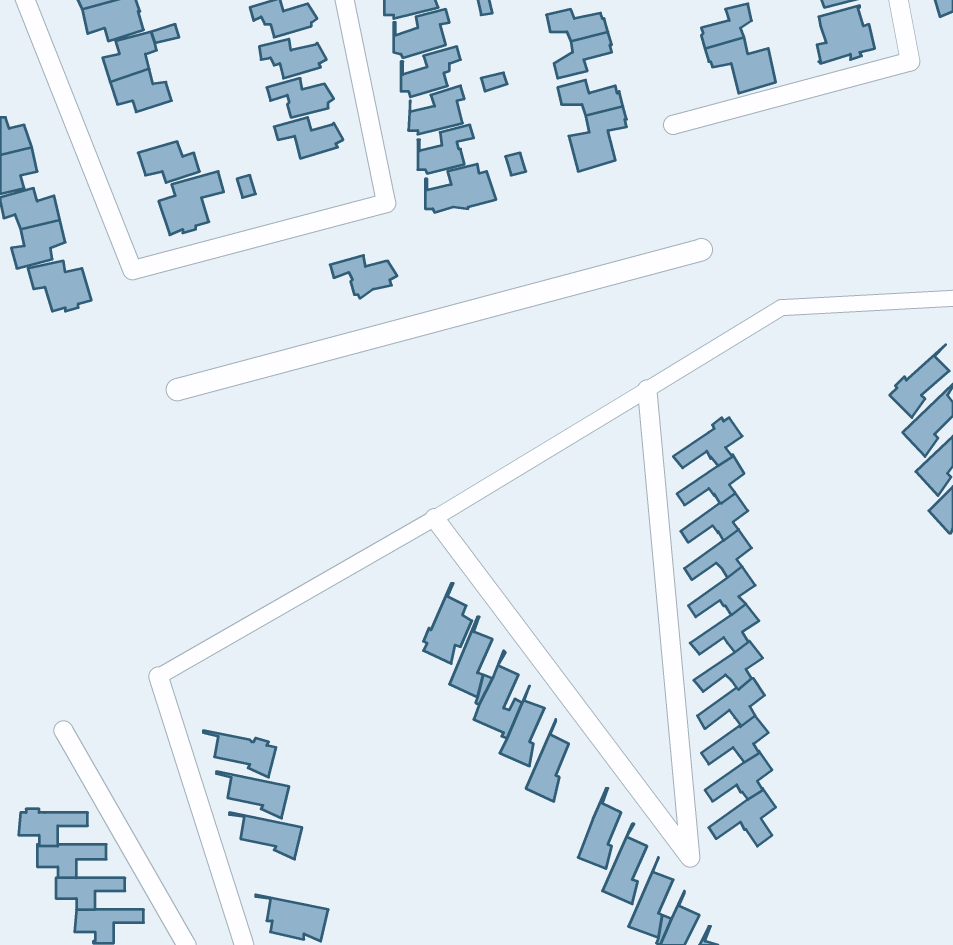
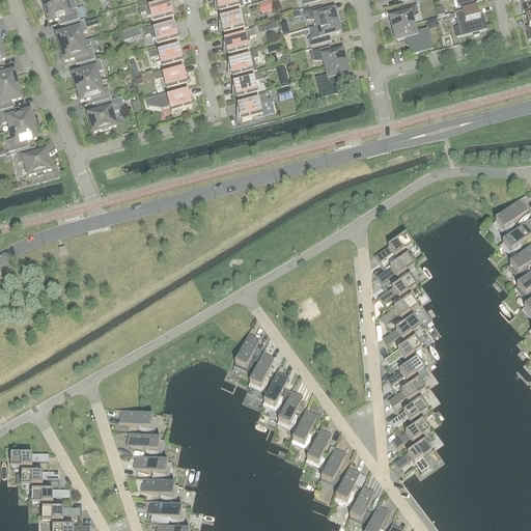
building: none -> [74,57,103,85]
building: [330,255,397,298] -> [158,88,195,112]
building: none -> [307,420,331,465]
building: none -> [135,475,175,501]

